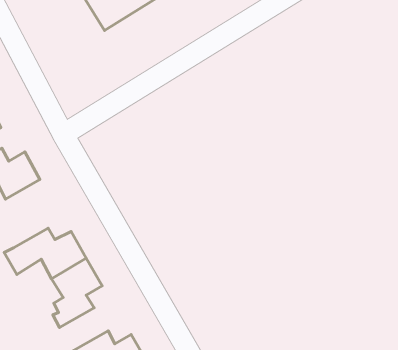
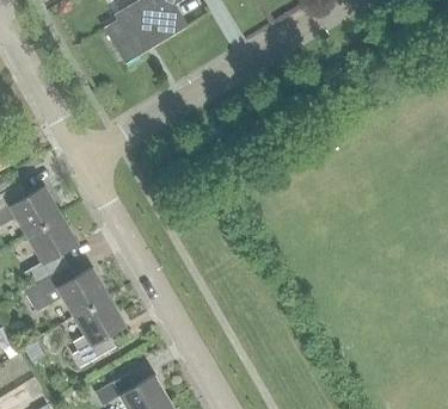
building: none -> [24,215,76,285]

